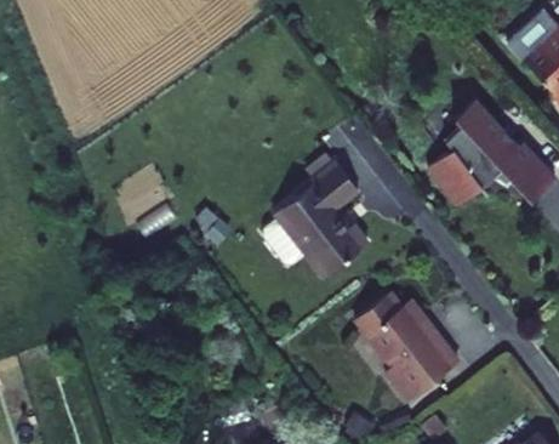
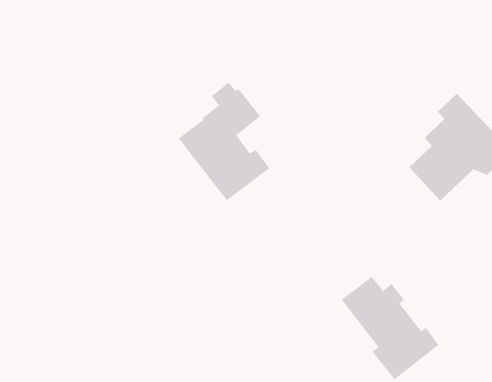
building: [274,158,369,280] -> [178,82,270,201]

